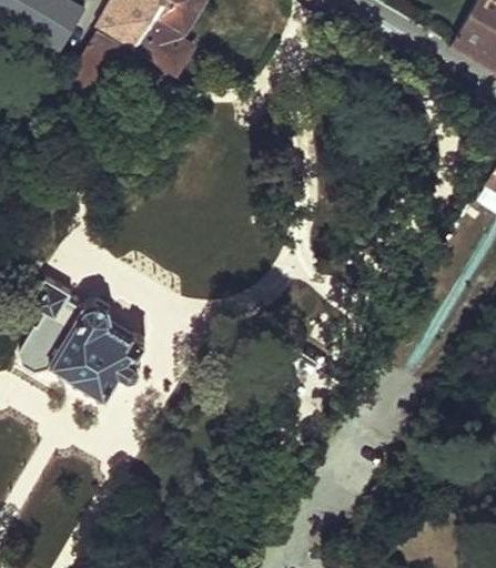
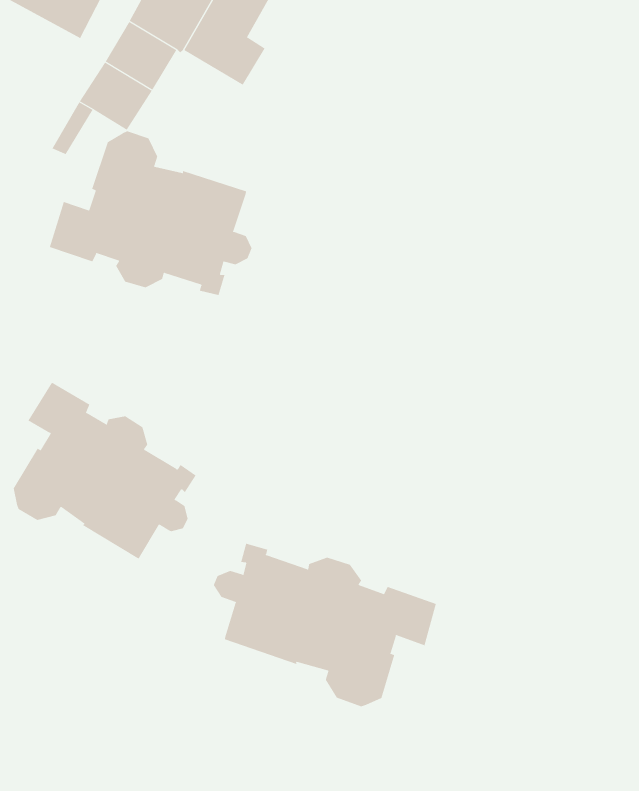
building: none -> [49,131,252,296]
building: none -> [213,543,437,707]

